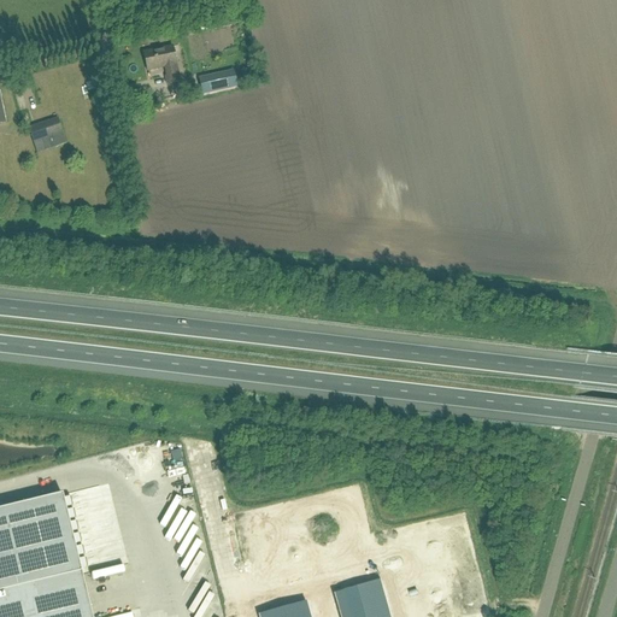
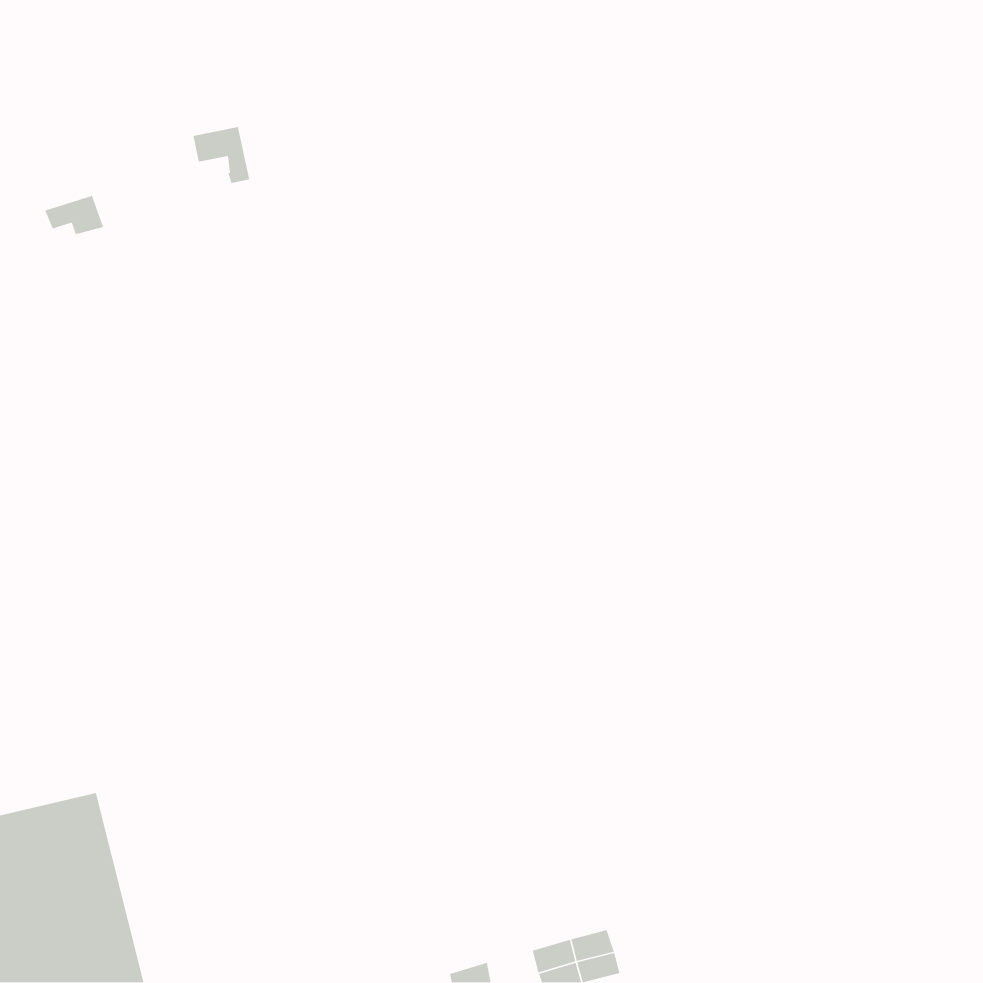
building: [142,47,178,83] -> [192,126,250,184]
building: [198,71,235,95] -> none

